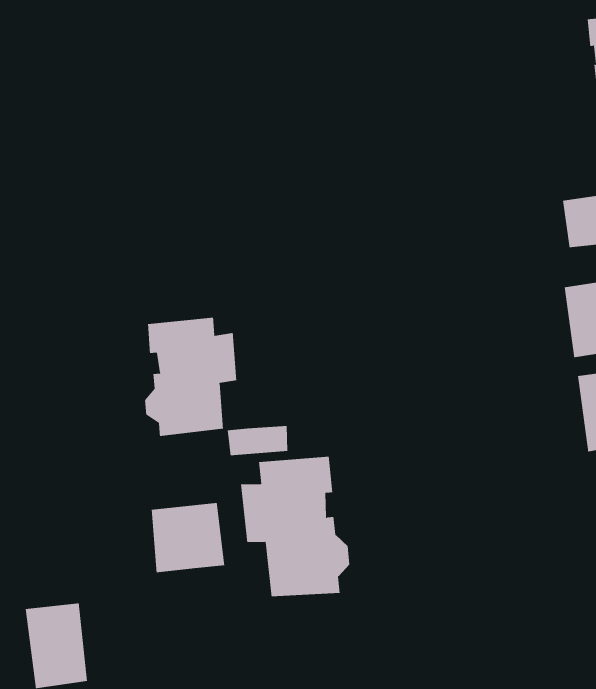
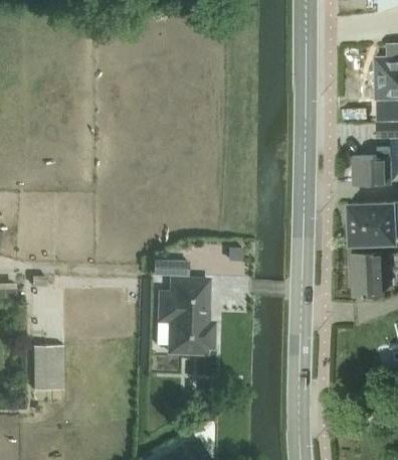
building: [145,317,237,437] -> none
building: [151,502,225,573] -> none

